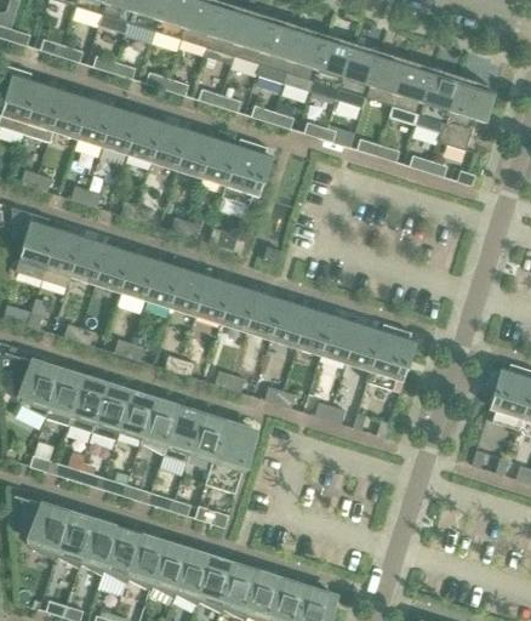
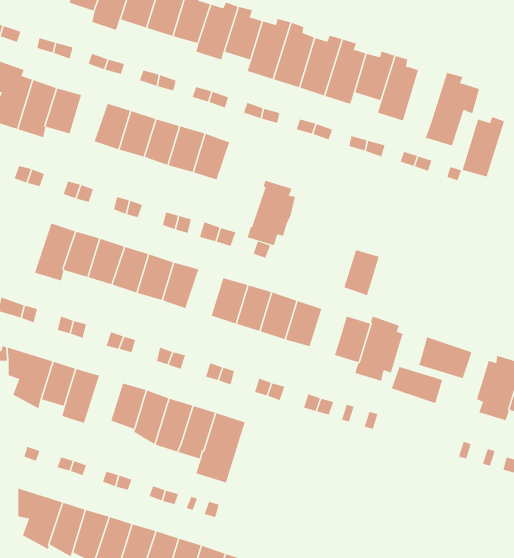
building: [416,70,459,132] -> [462,116,505,177]
building: [78,98,115,146] -> none
building: [222,138,272,205] -> [247,180,296,246]
building: [12,205,58,279] -> none
building: [195,275,233,323] -> none
building: [321,315,358,363] -> [344,249,379,296]
building: none -> [418,336,472,379]
building: none -> [391,366,443,404]
building: [92,383,131,439] -> none

